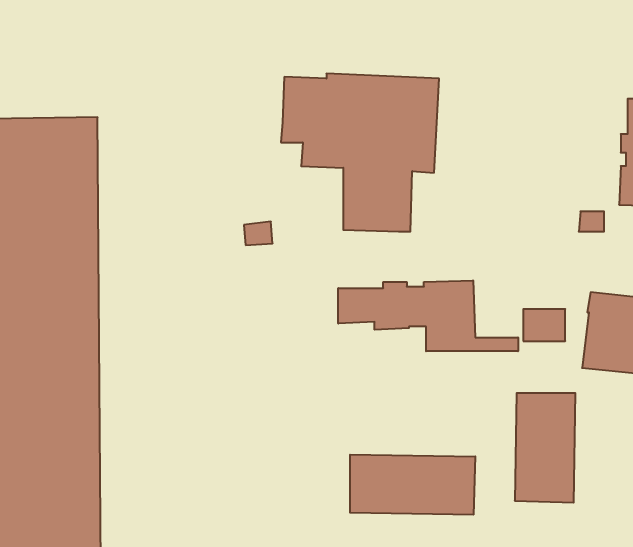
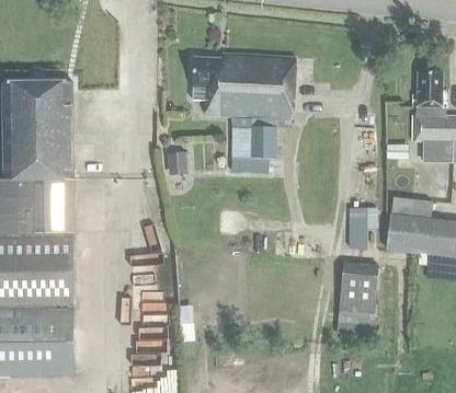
building: [338,280,518,351] -> none
building: [350,455,475,515] -> none

